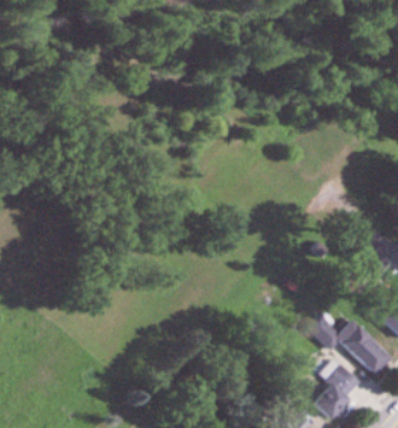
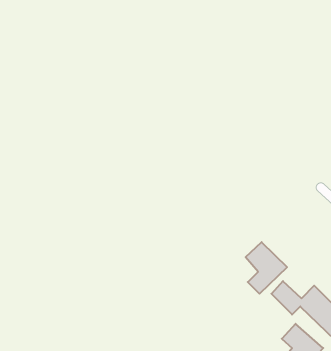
building: none -> [246,242,287,294]

